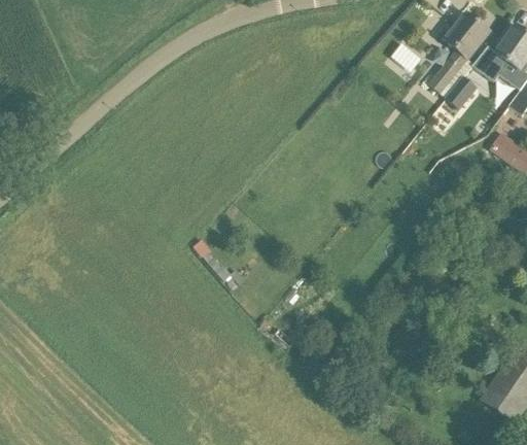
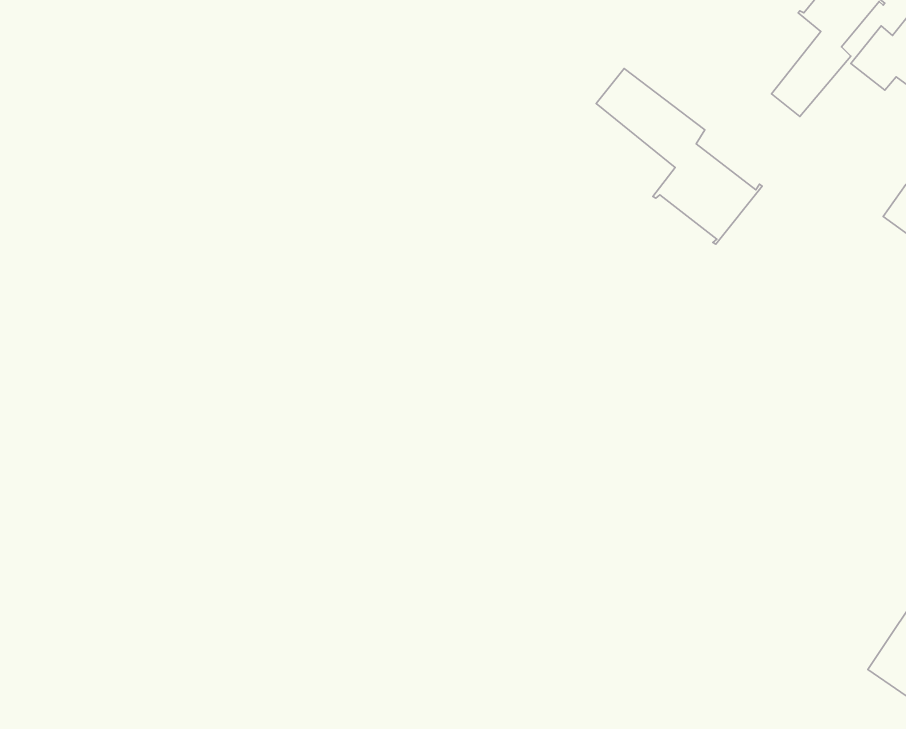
building: none -> [596,69,762,244]
building: [445,76,478,110] -> none

